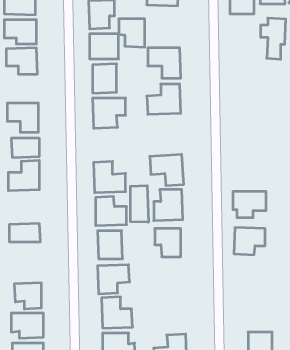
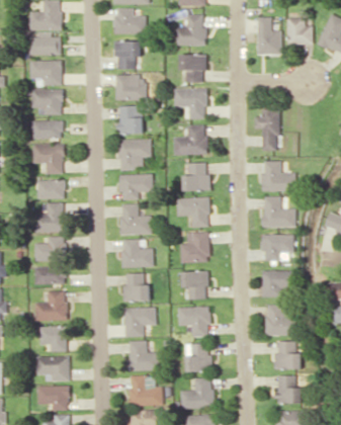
building: [261,18,286,59] -> [255,109,280,151]
building: [119,19,145,47] -> [179,55,205,83]
building: none -> [31,120,63,140]
building: none -> [261,161,294,191]
building: none -> [183,163,209,191]
building: none -> [119,174,154,200]
building: none -> [262,196,295,228]
building: [130,186,148,222] -> none
building: none -> [34,236,66,262]
building: none -> [34,290,66,321]
building: none -> [265,305,297,336]
building: none -> [177,307,209,337]
building: none -> [274,341,302,369]
building: none -> [186,343,212,371]

